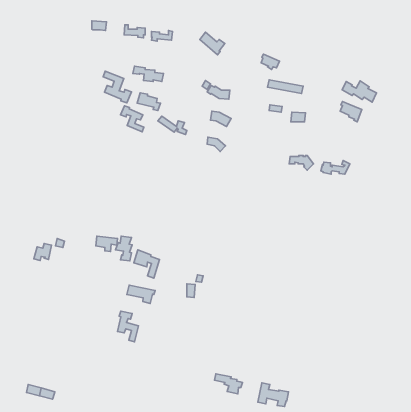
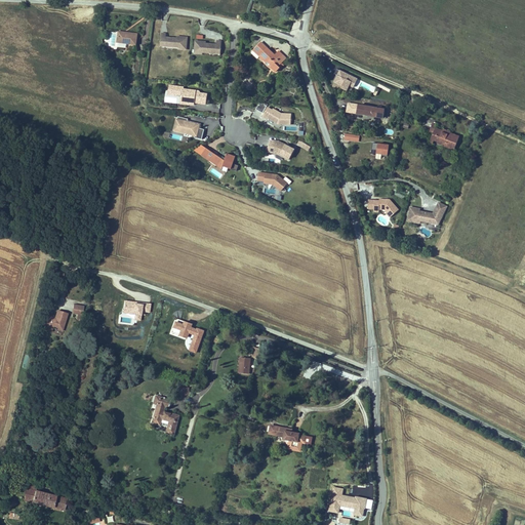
building: [103,71,132,103] -> none
building: [342,81,377,102] -> none
building: [121,106,144,132] -> none
building: [116,236,132,261] -> none
building: [127,285,155,304] -> none
building: [214,374,243,394] -> [267,420,302,446]

